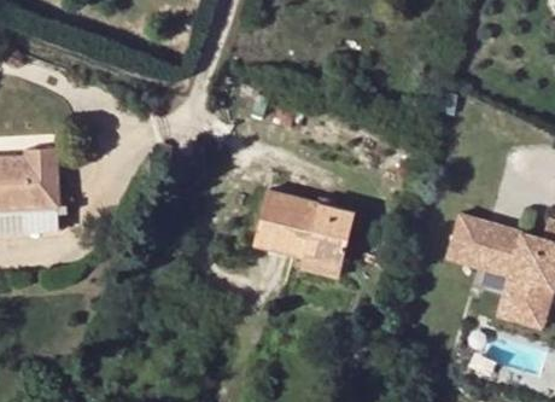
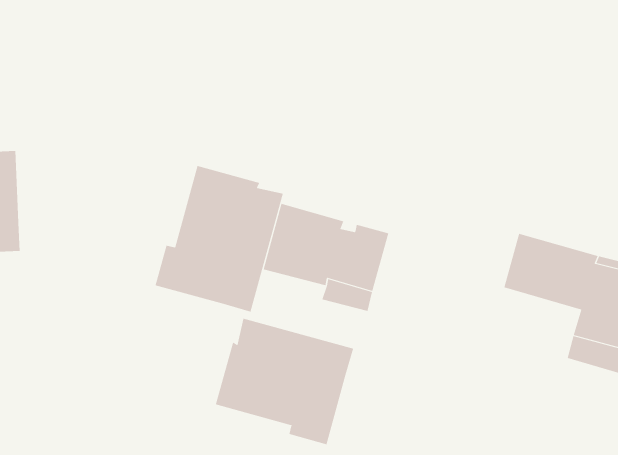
building: none -> [155,165,284,312]
building: none -> [215,318,354,445]

